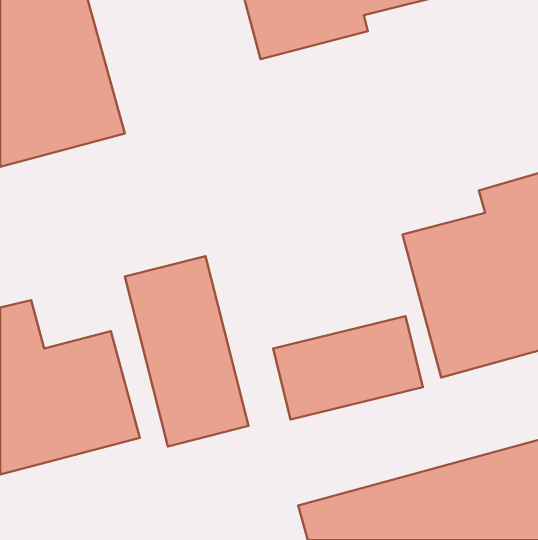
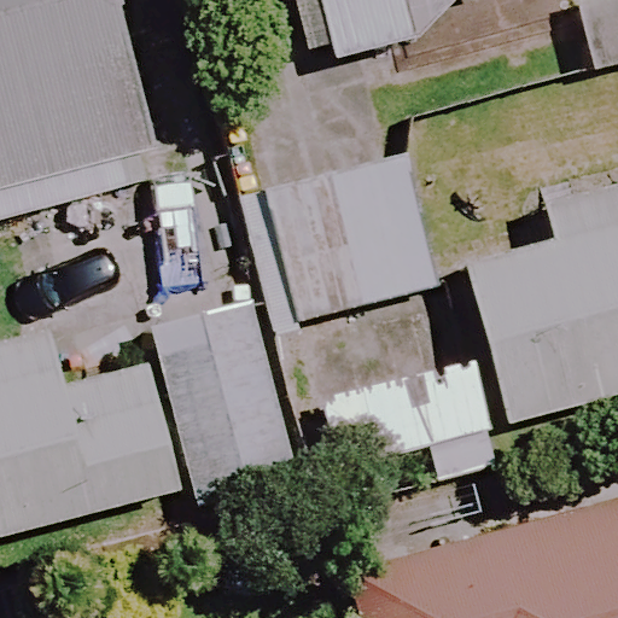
building: none -> [244,156,437,328]

